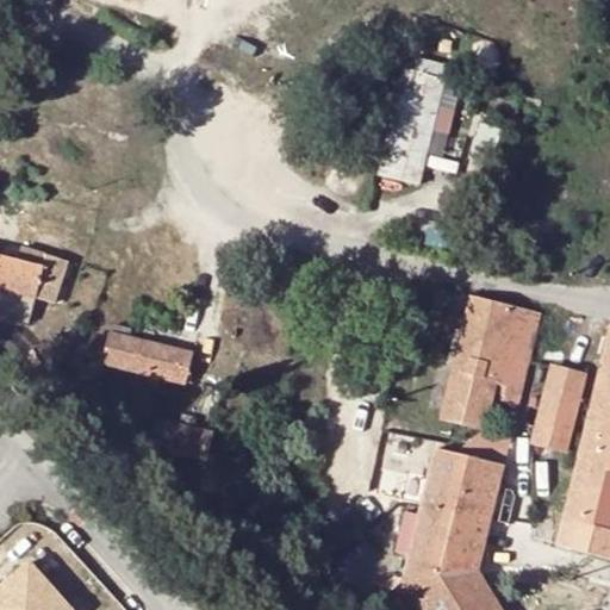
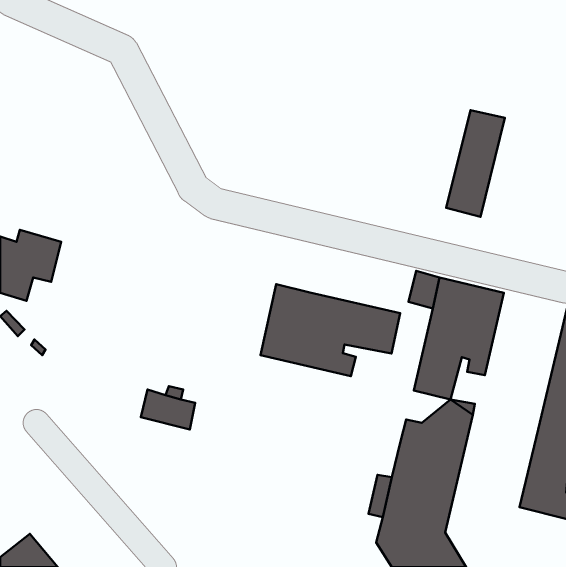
building: [381,73,444,187] -> [446,110,505,217]
building: none -> [261,284,400,376]
building: [105,324,193,385] -> none
building: [535,366,586,452] -> none

